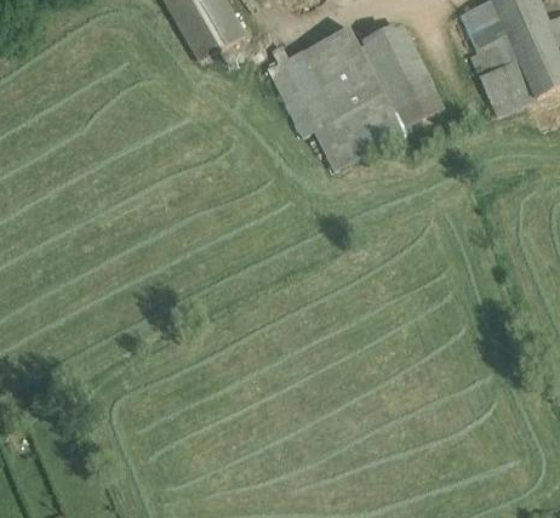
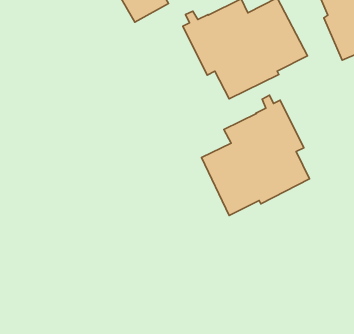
building: none -> [202,95,309,215]

